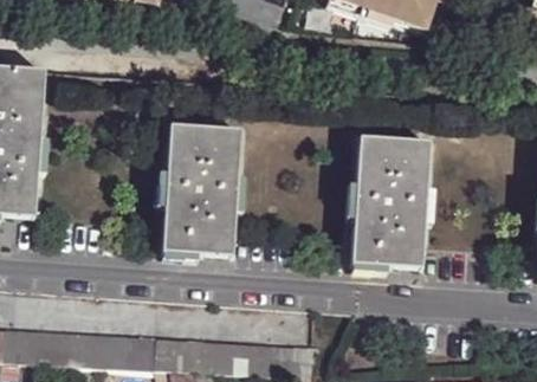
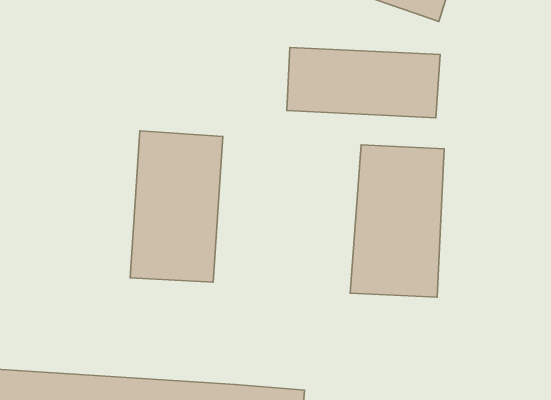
building: none -> [287,47,440,118]

